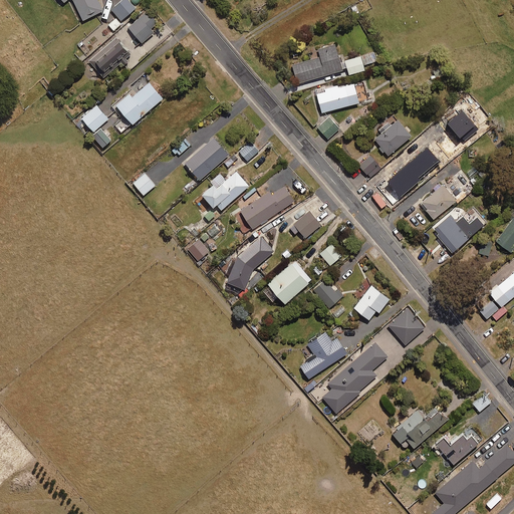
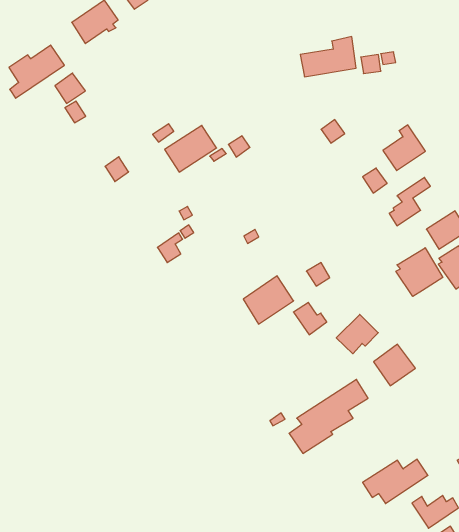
building: [114,82,163,133] -> [9,45,64,98]
building: [316,82,359,112] -> none
building: [202,170,251,208] -> none
building: [239,186,294,230] -> none
building: [289,211,321,238] -> none
building: none -> [396,248,443,296]
building: [224,237,274,294] -> none
building: [301,332,347,378] -> none

